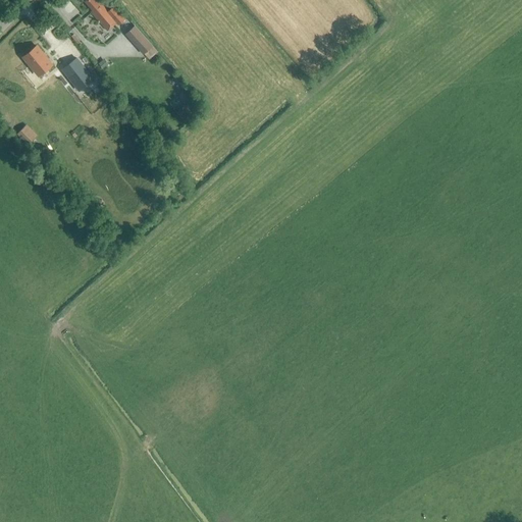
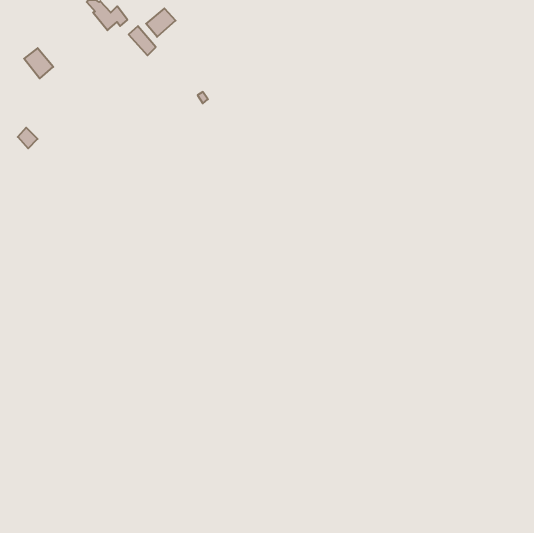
building: none -> [146,8,176,37]
building: [61,58,93,91] -> none

